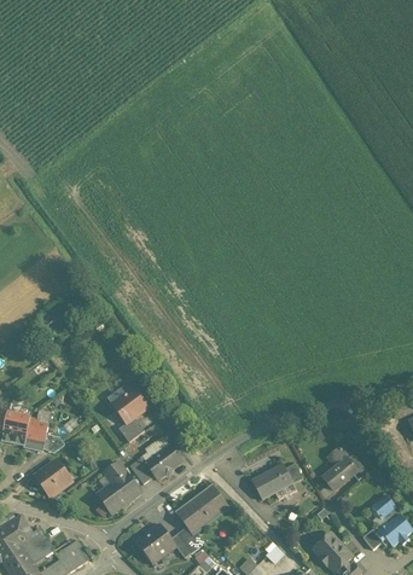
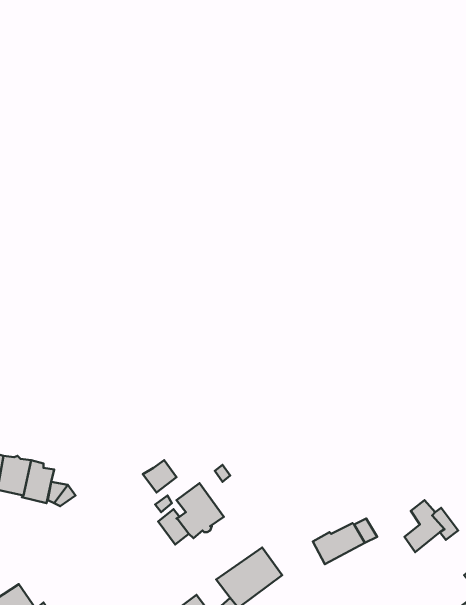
building: [111,389,147,424] -> none
building: [36,463,69,495] -> none
building: [98,464,139,513] -> none

